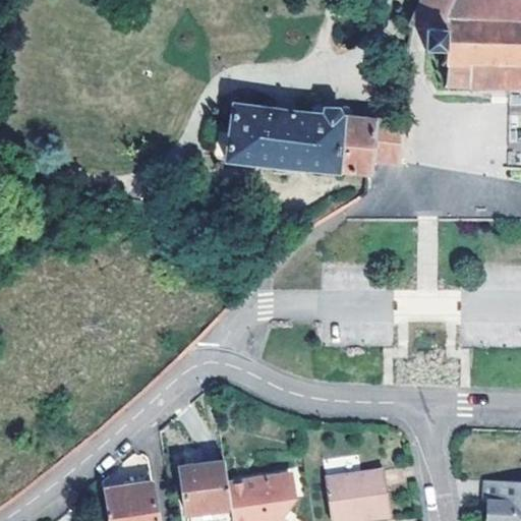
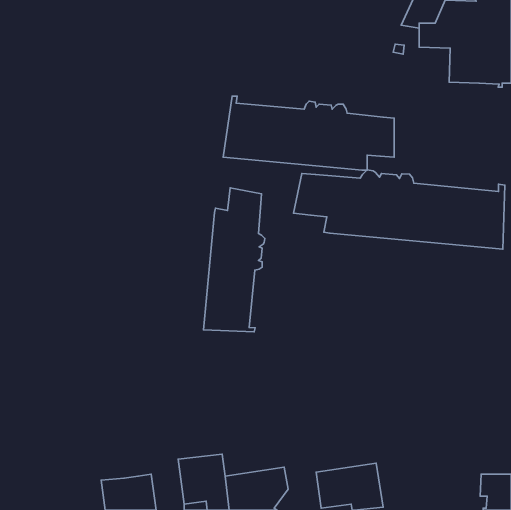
building: none -> [293,170,505,249]
building: none -> [204,188,265,332]

